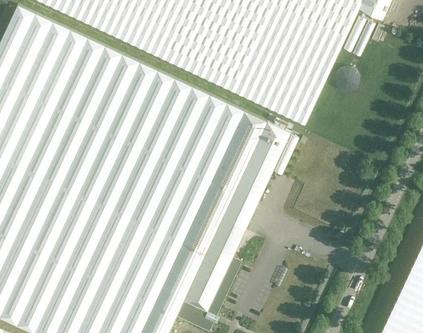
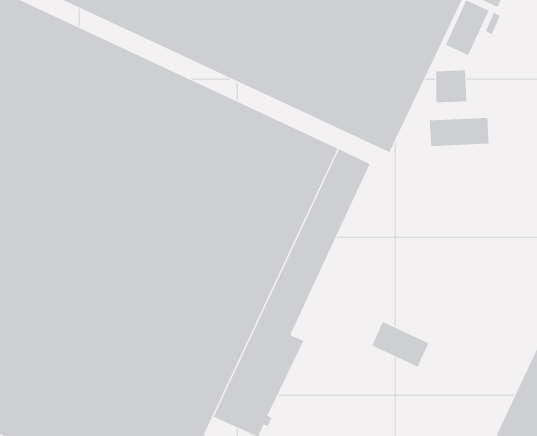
building: none -> [429,117,489,147]
building: none -> [371,321,429,368]

